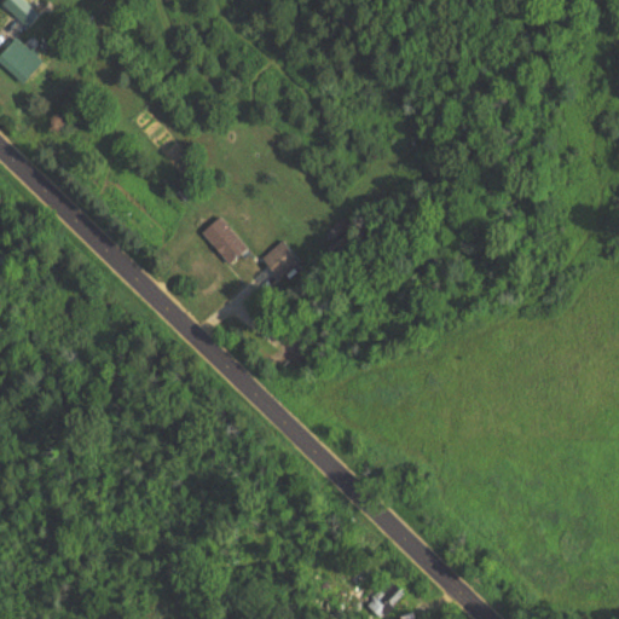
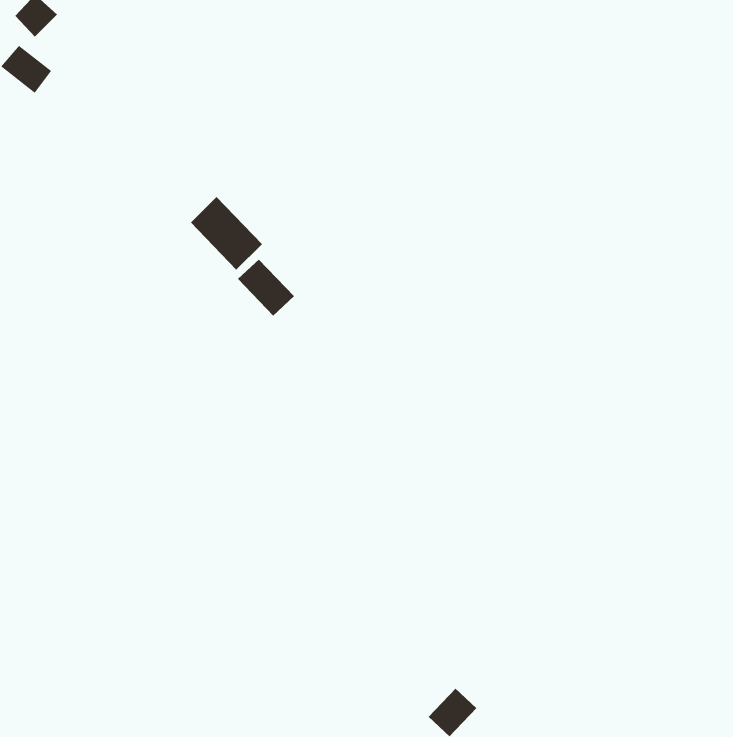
building: none -> [190,196,263,270]
building: [262,242,295,276] -> none

